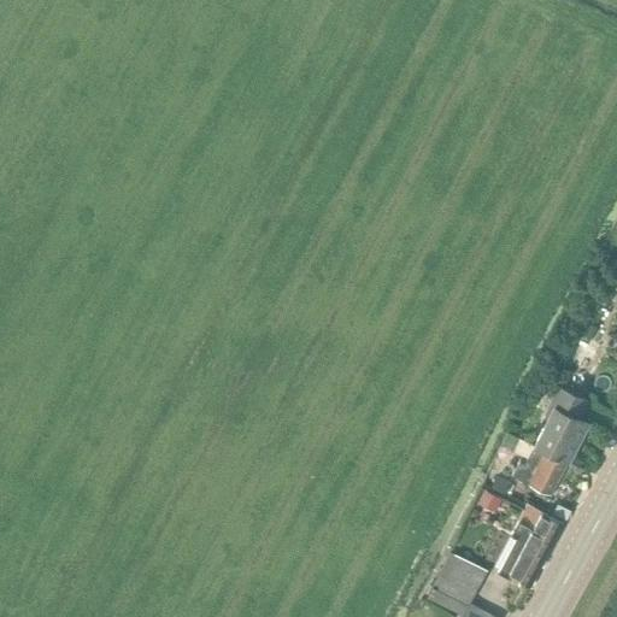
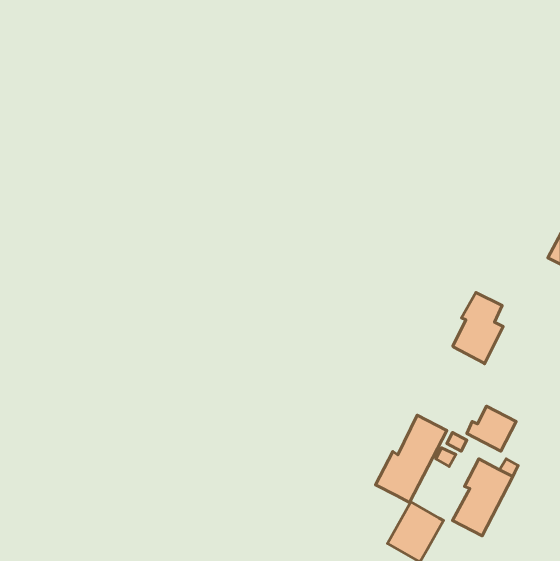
building: [534,386,589,464] -> [453,292,503,364]
building: none -> [376,415,447,503]

